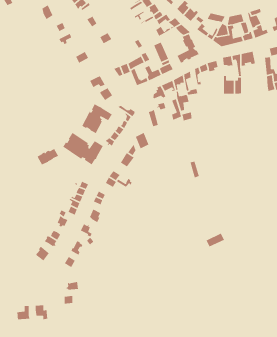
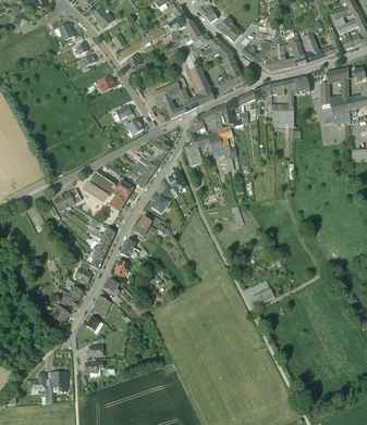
building: [81,103,113,134] -> none

